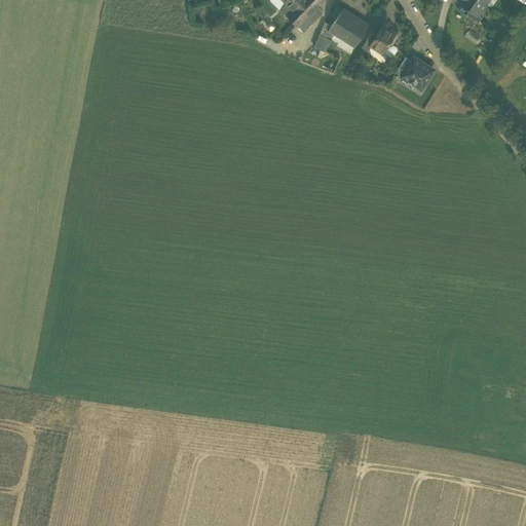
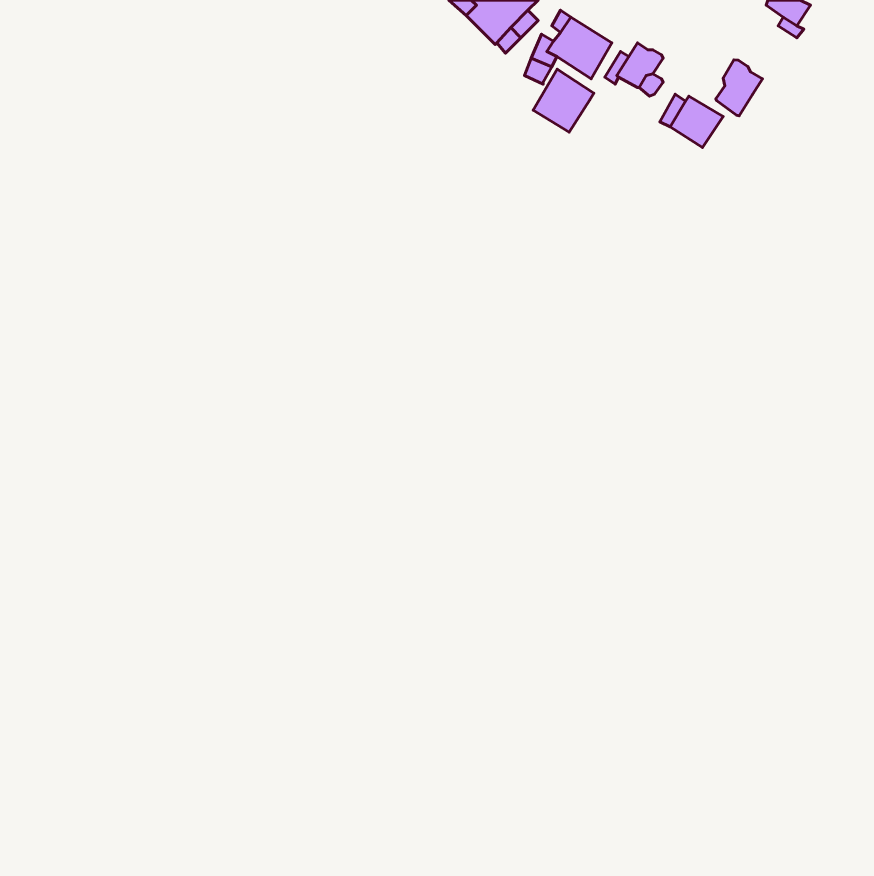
building: none -> [716,60,763,116]
building: none -> [533,69,594,132]

